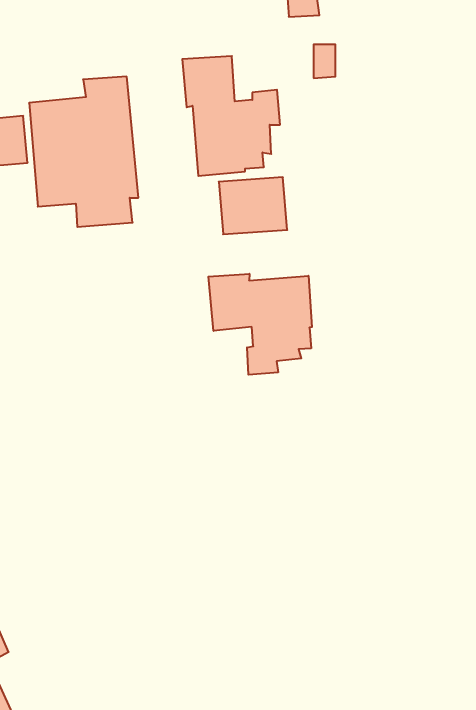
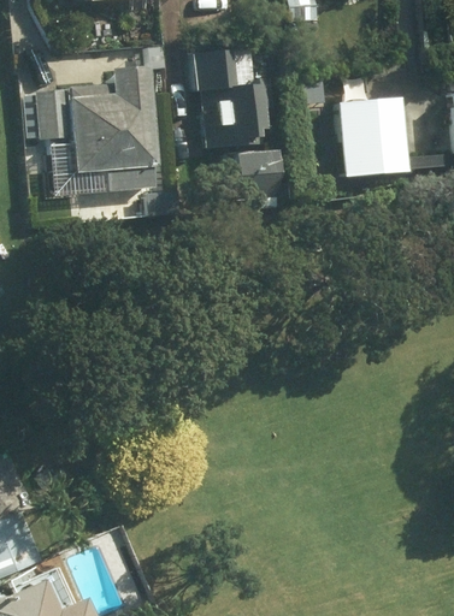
building: none -> [329,97,397,176]
building: [208,274,312,375] -> none

